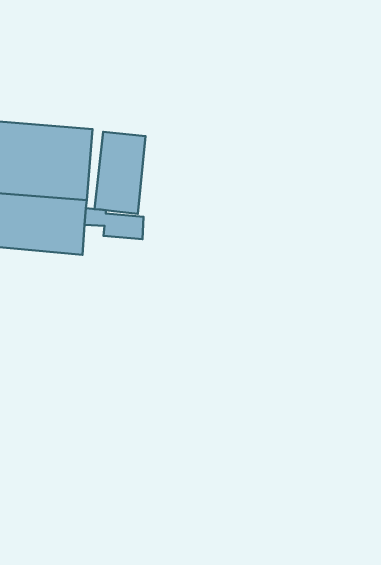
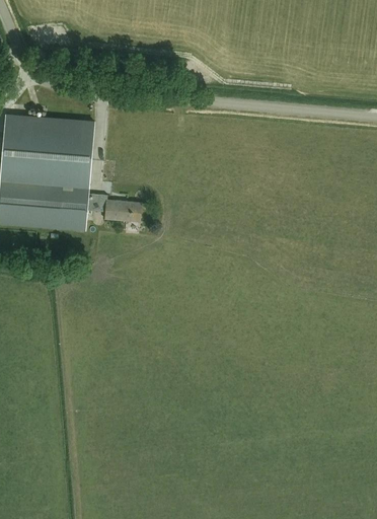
building: [95,132,146,214] -> none

